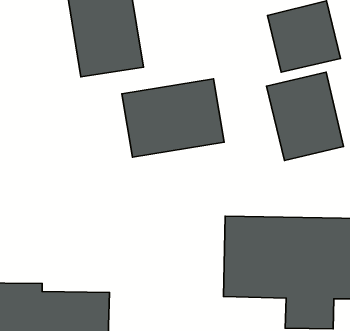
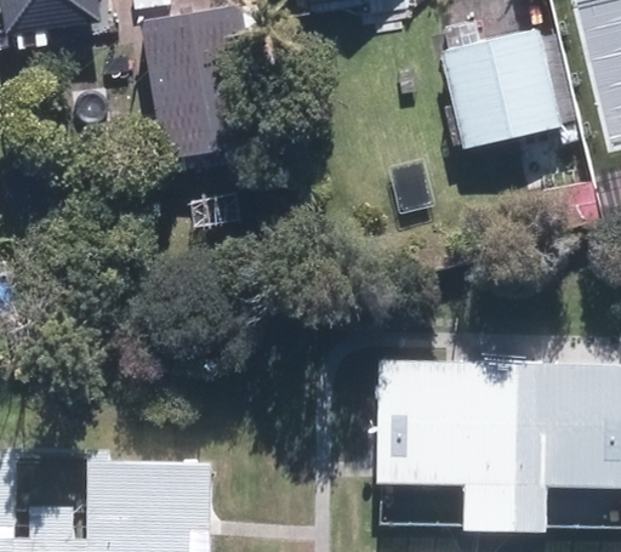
building: [266,72,344,160] -> none
building: [122,79,224,157] -> none

